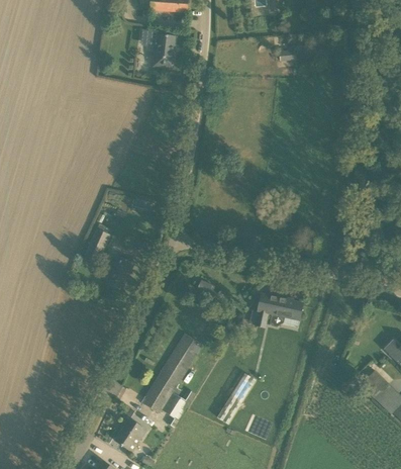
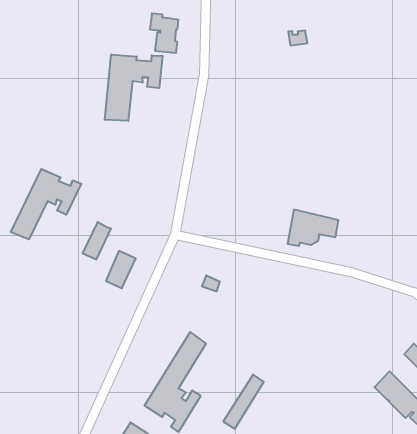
building: none -> [105,54,163,121]
building: none -> [11,169,81,239]
building: [254,293,302,327] -> [287,210,339,246]

